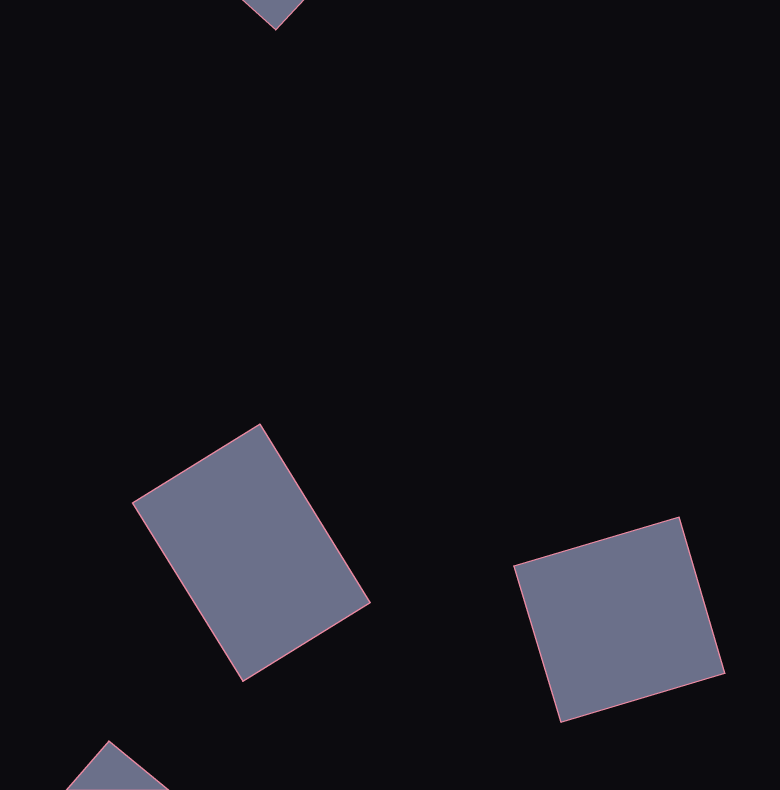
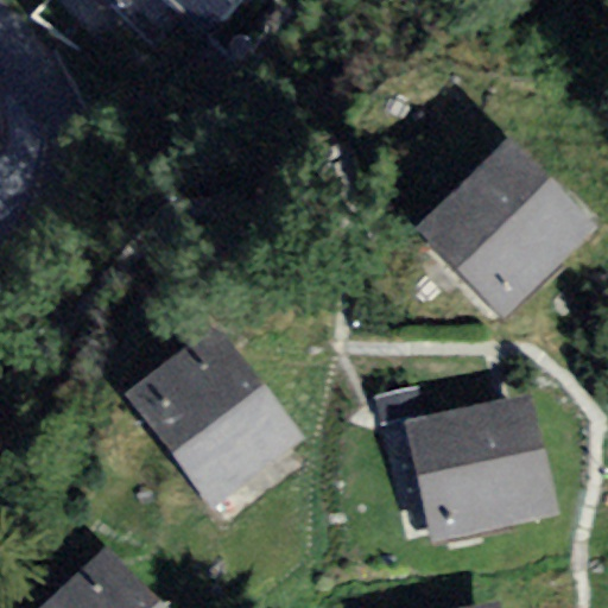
building: none -> [418,140,583,305]

